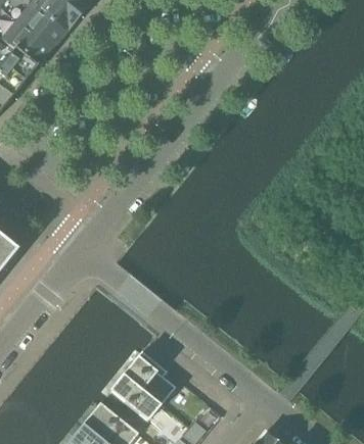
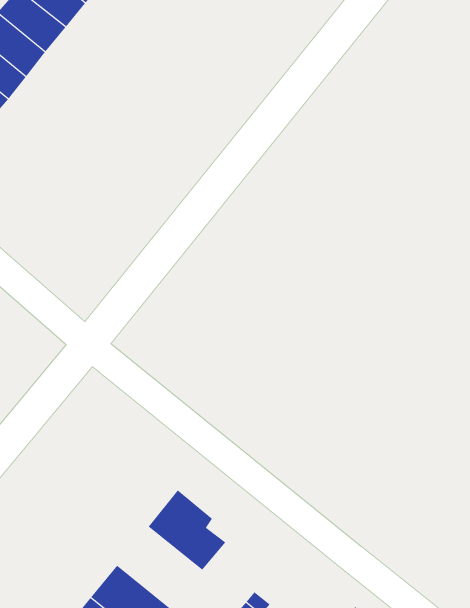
building: [108,377,158,422] -> none

